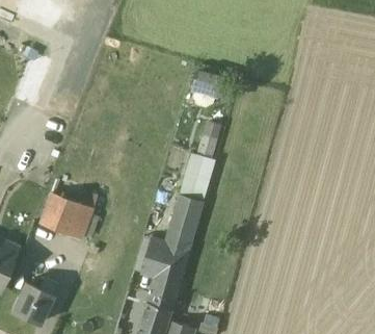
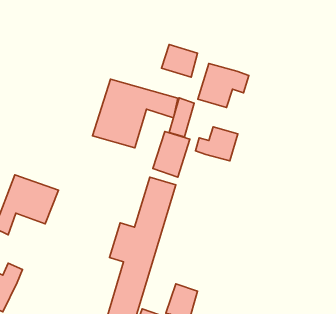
building: none -> [198,63,249,108]
building: none -> [92,79,178,148]
building: none -> [195,127,238,161]

